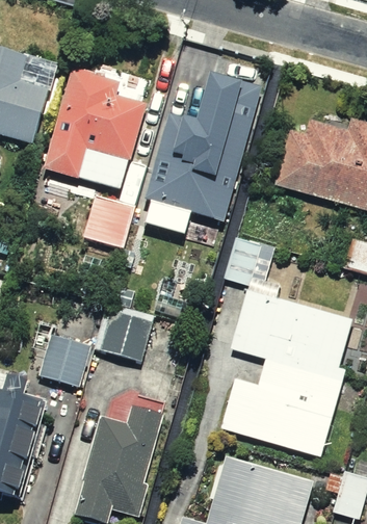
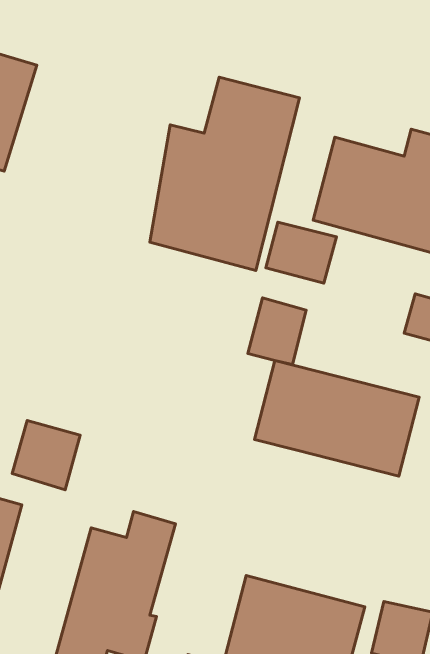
building: [47,69,149,187] -> none
building: none -> [266,222,337,283]
building: [85,197,136,247] -> none
building: [96,304,156,363] -> none
building: [212,358,336,455] -> none

